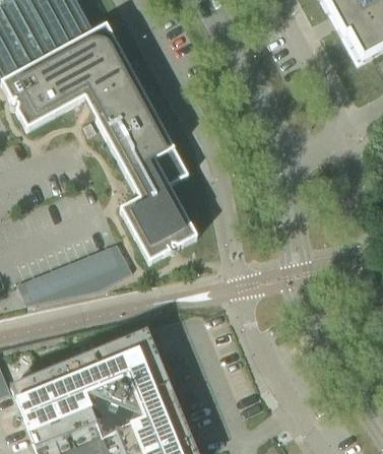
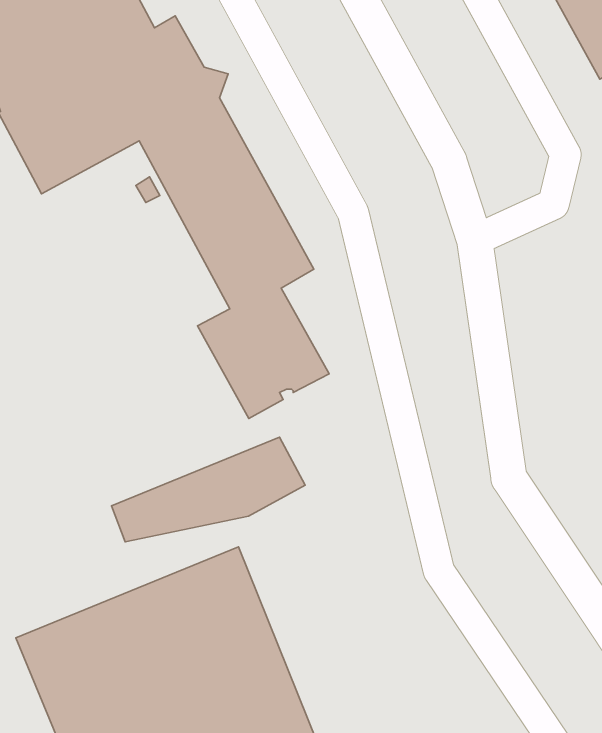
building: [18,244,133,306] -> [112,437,305,542]

